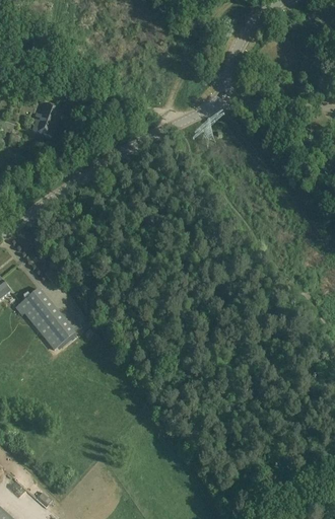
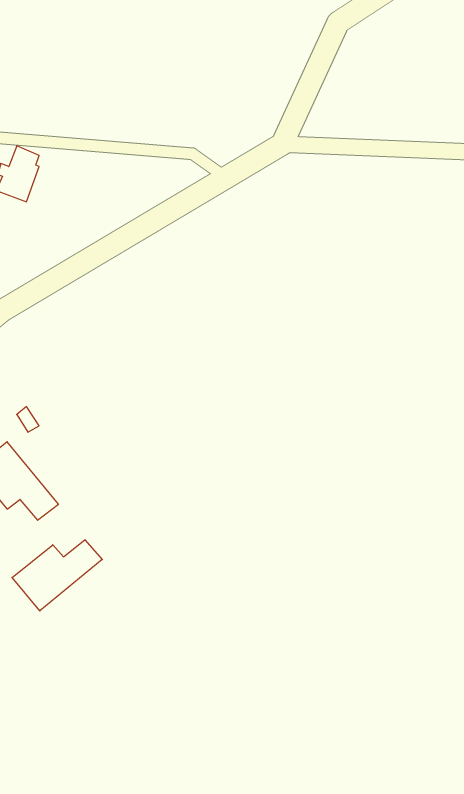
building: none -> [12,540,102,611]

